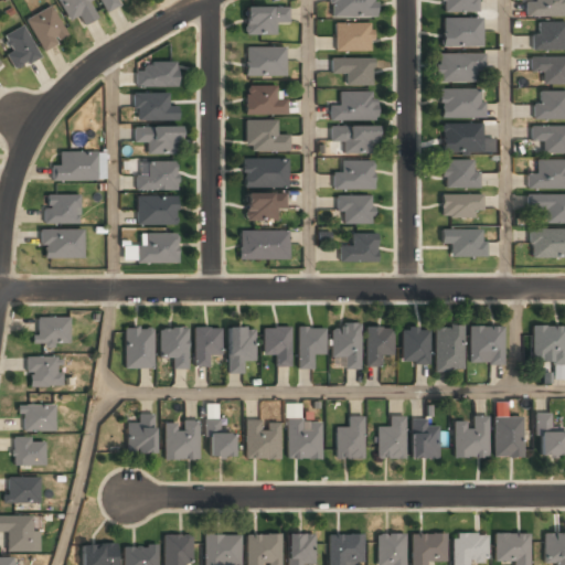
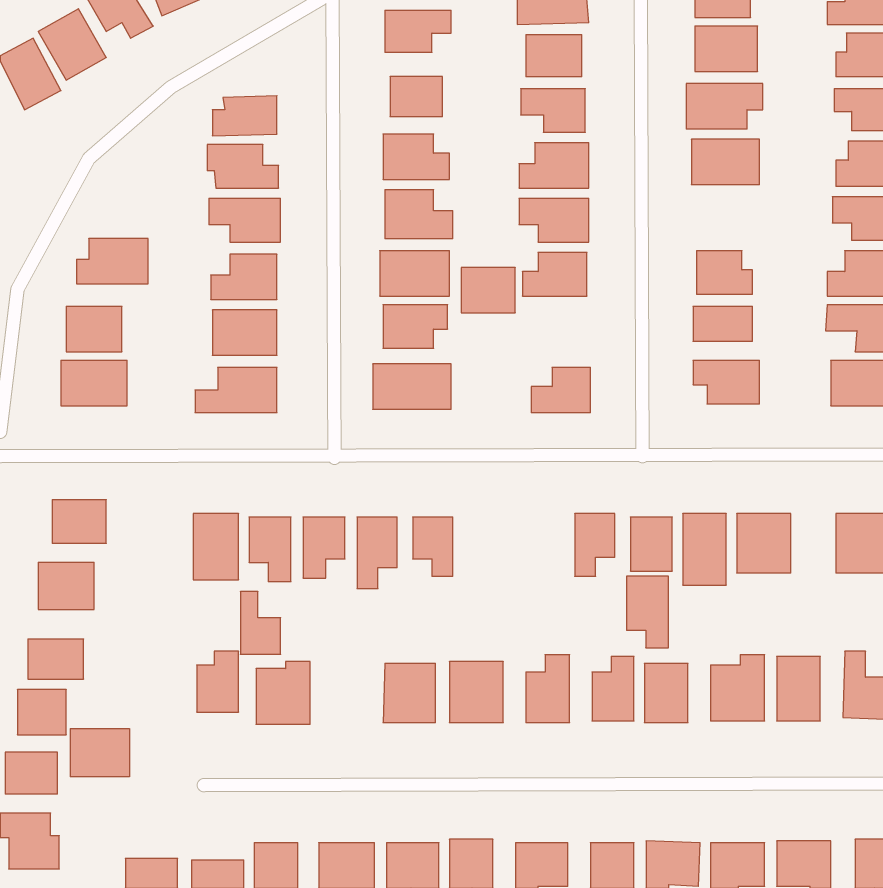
building: [444,122,484,151] -> none
building: [341,194,375,223] -> [461,268,515,313]
building: [334,322,361,367] -> [627,576,668,648]
building: [301,327,326,367] -> none
building: [210,417,235,457] -> [240,592,281,654]
building: none -> [70,729,129,777]

